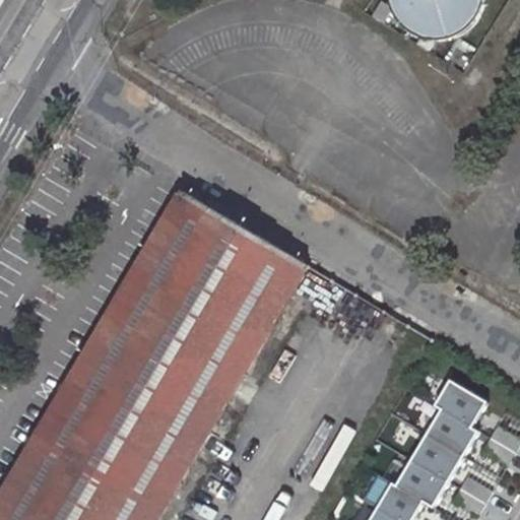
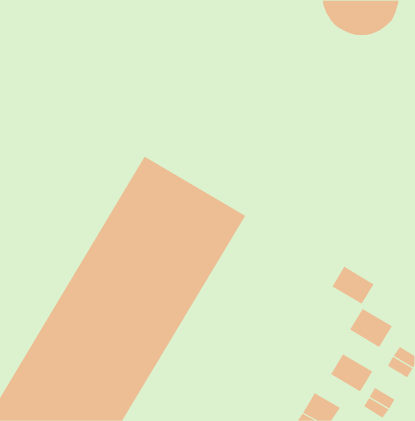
building: [422,410,475,458] -> [332,266,374,305]
building: [392,461,445,509] -> none

